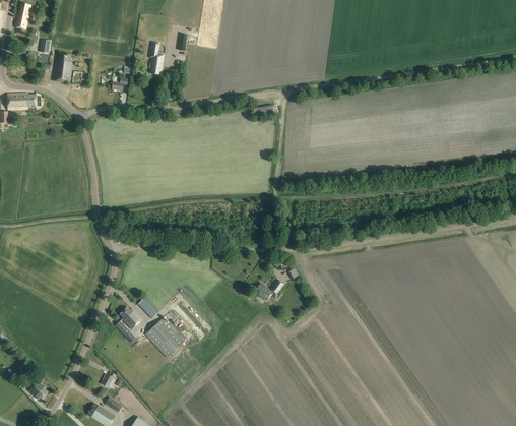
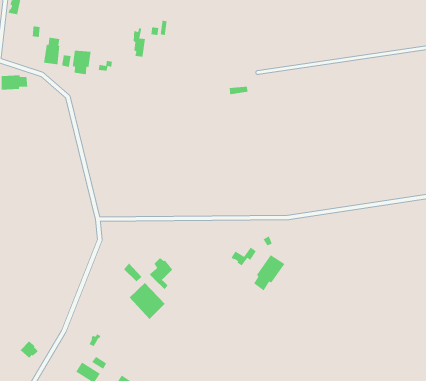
building: none -> [72,50,91,75]
building: none -> [253,254,285,292]
building: [115,307,141,343] -> [149,257,173,290]

